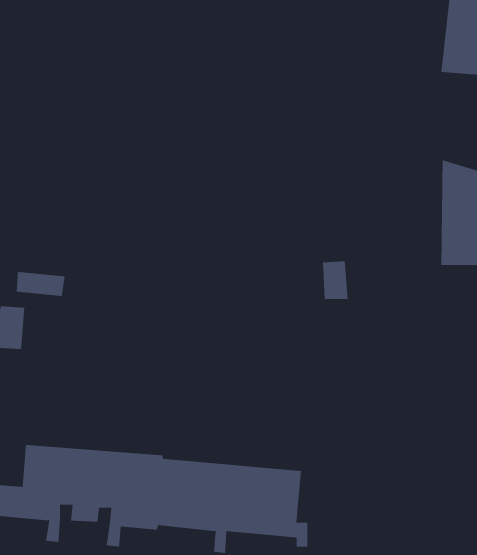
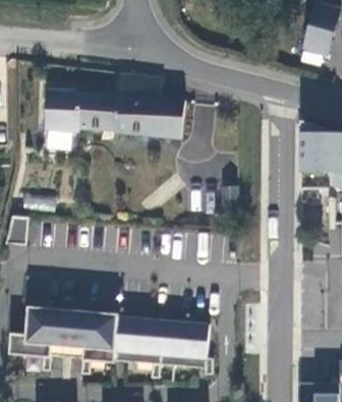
building: none -> [45,72,185,138]

